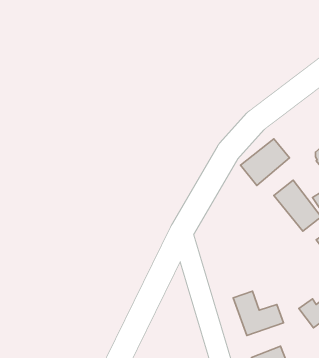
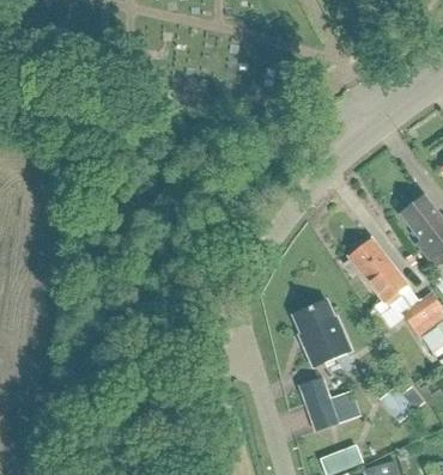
building: [240,139,289,185] -> none
building: none -> [292,299,352,366]

